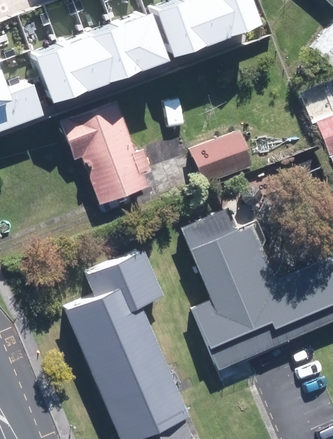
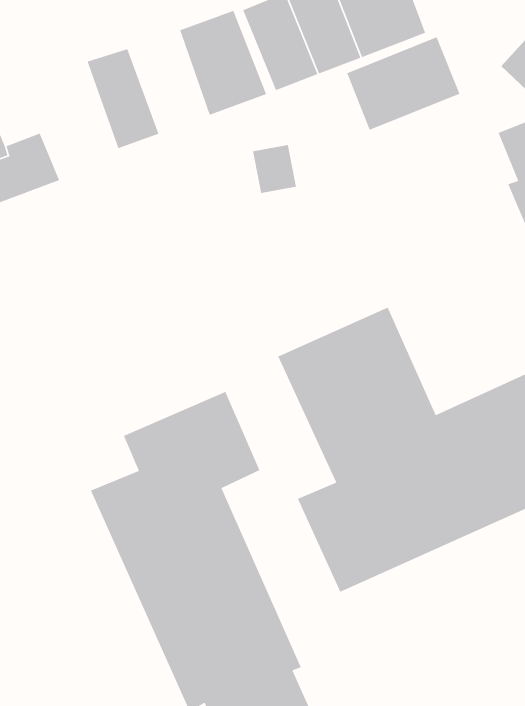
building: [84,27,133,90] -> none
building: [32,46,78,108] -> none
building: [57,94,151,204] -> none
building: [184,124,253,181] -> [346,36,460,131]

